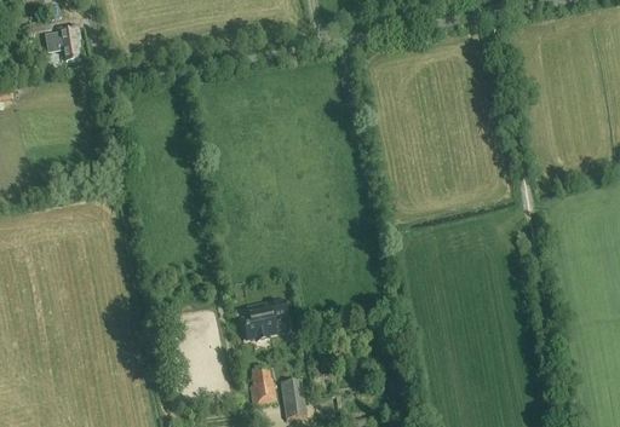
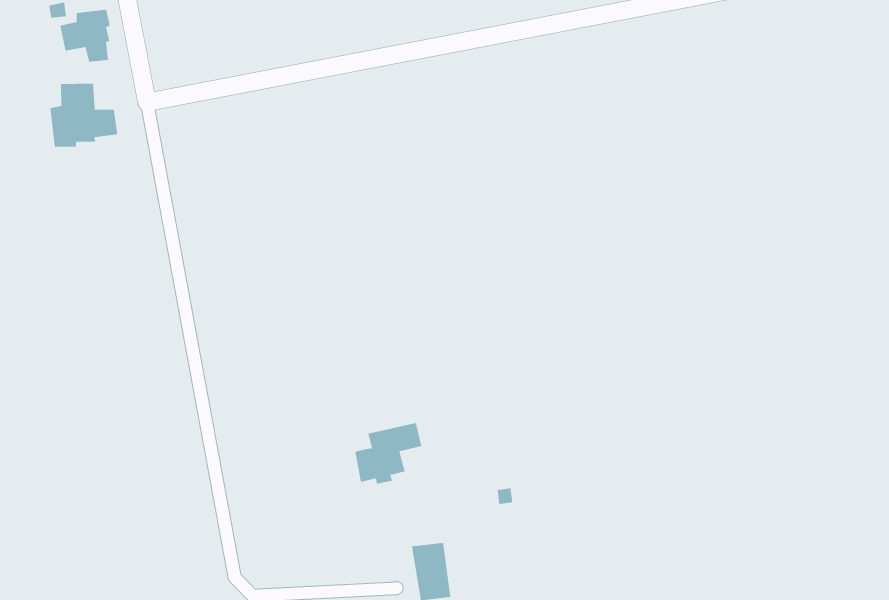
building: none -> [50,83,118,148]
building: [251,368,275,403] -> none

